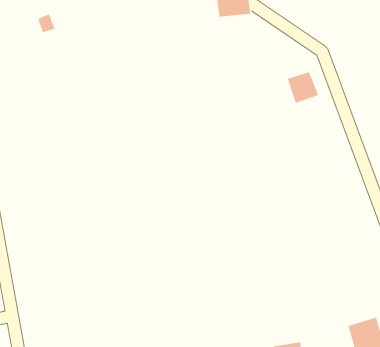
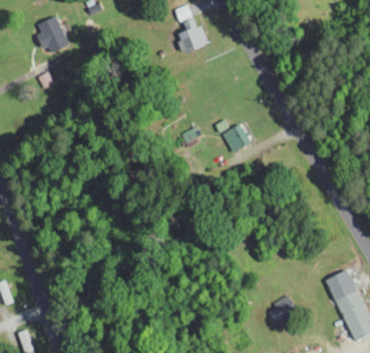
building: [287,71,319,104] -> [223,123,251,151]

